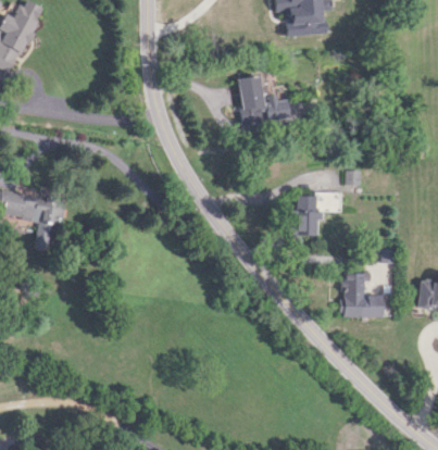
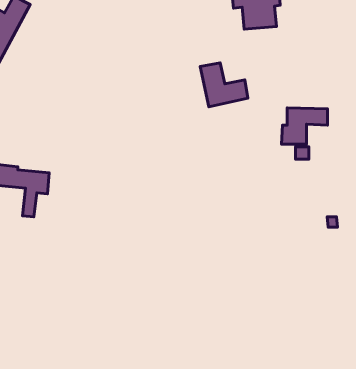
building: [290,192,342,234] -> [282,108,327,144]
building: [343,273,383,317] -> none

